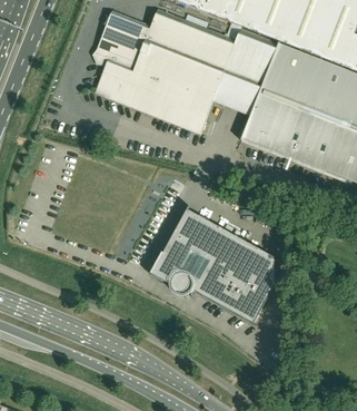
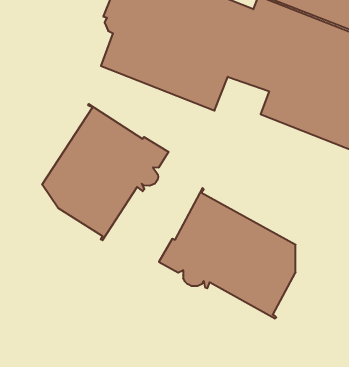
building: none -> [42,104,169,240]

